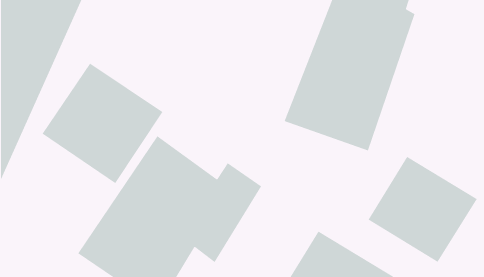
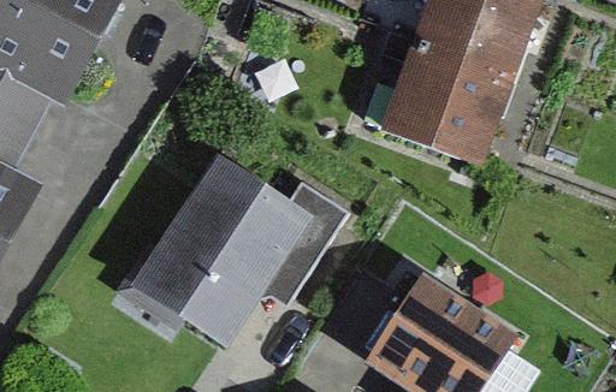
building: [42,62,163,184] -> none
building: [368,156,478,263] -> none

